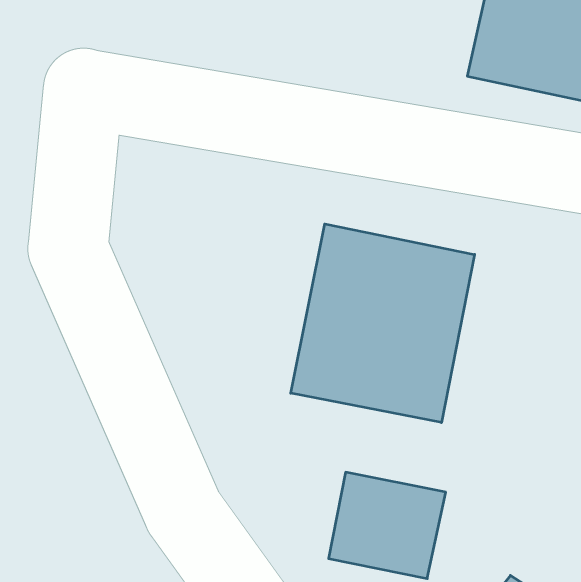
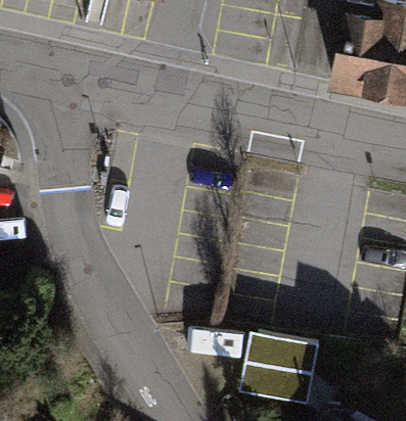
building: [291,224,475,423] -> none

